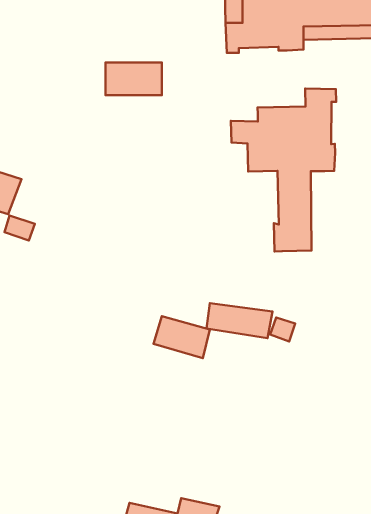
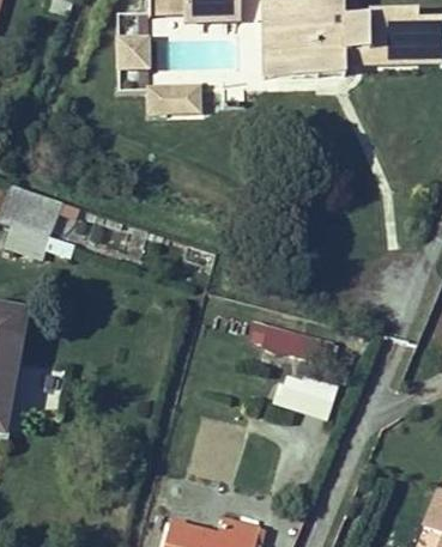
building: none -> [115,36,152,72]
building: [231,88,336,251] -> none
building: [153,316,210,358] -> [278,373,334,415]

